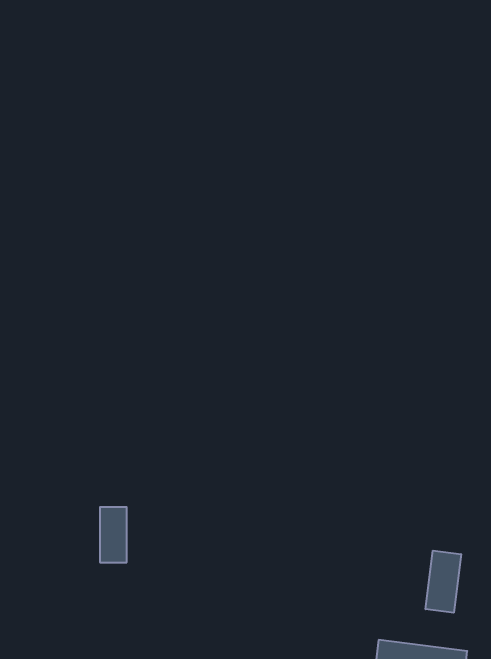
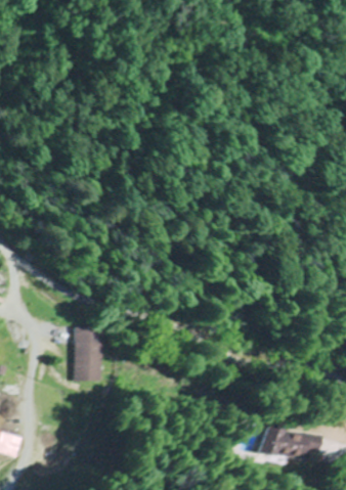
building: [426,551,461,613] -> none

